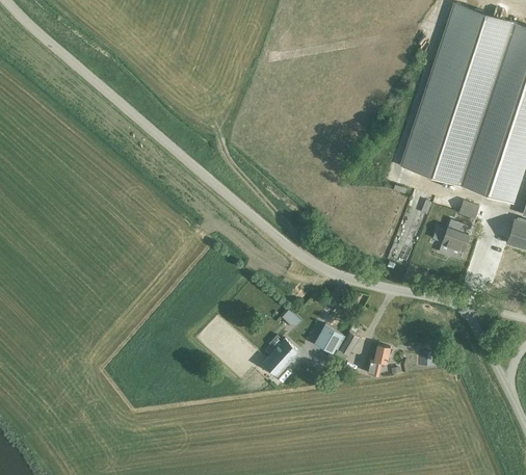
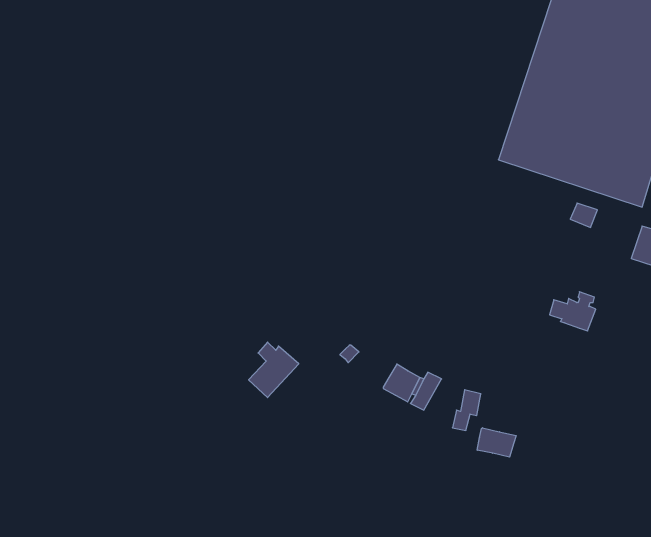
building: [432,221,468,252] -> [550,292,596,331]
building: [261,335,299,377] -> [249,342,299,398]
building: none -> [477,428,516,457]

